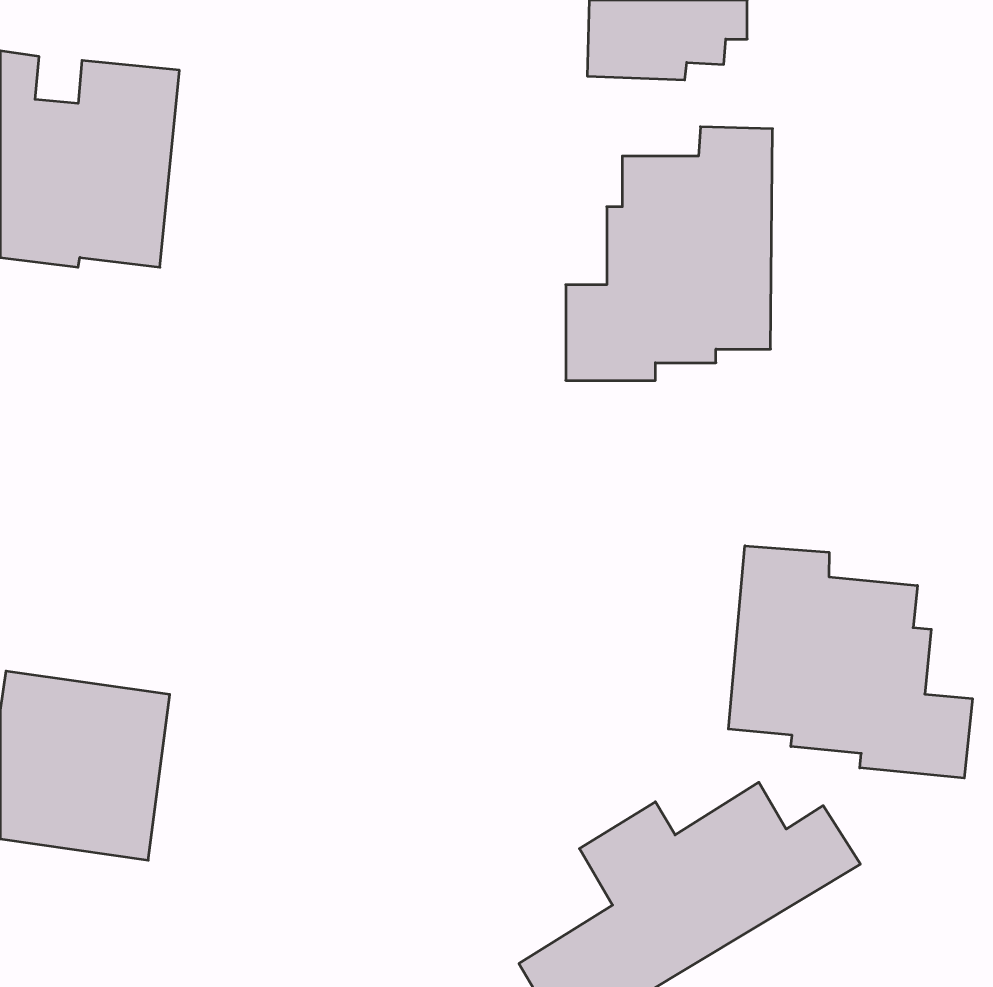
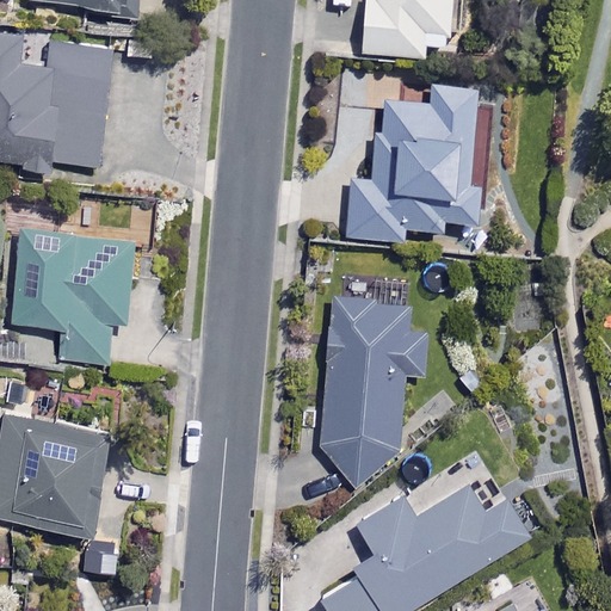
building: none -> [14,230,131,365]
building: none -> [320,300,424,487]
building: [728,546,972,778] -> none

